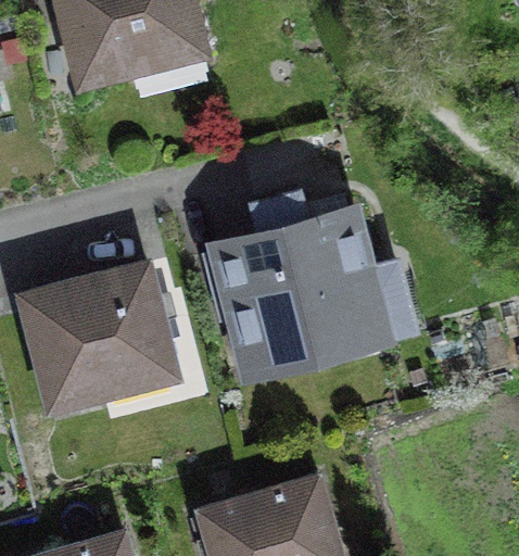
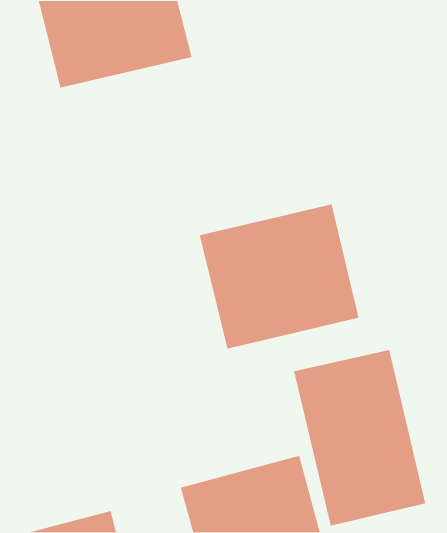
building: [15,257,181,410] -> none
building: none -> [293,349,426,526]

